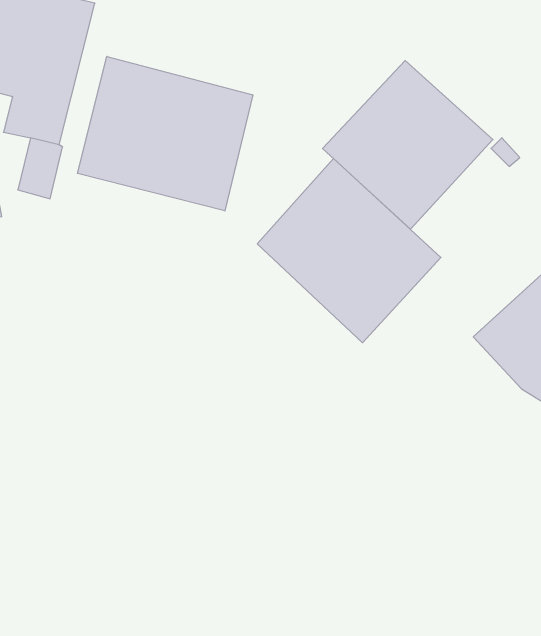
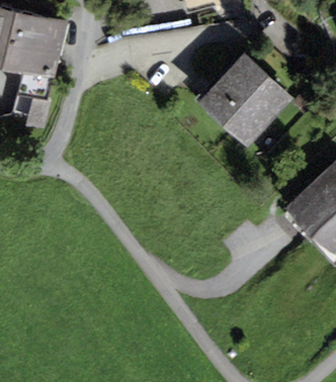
building: [77,56,253,211] -> none
building: [257,159,441,343] -> none

